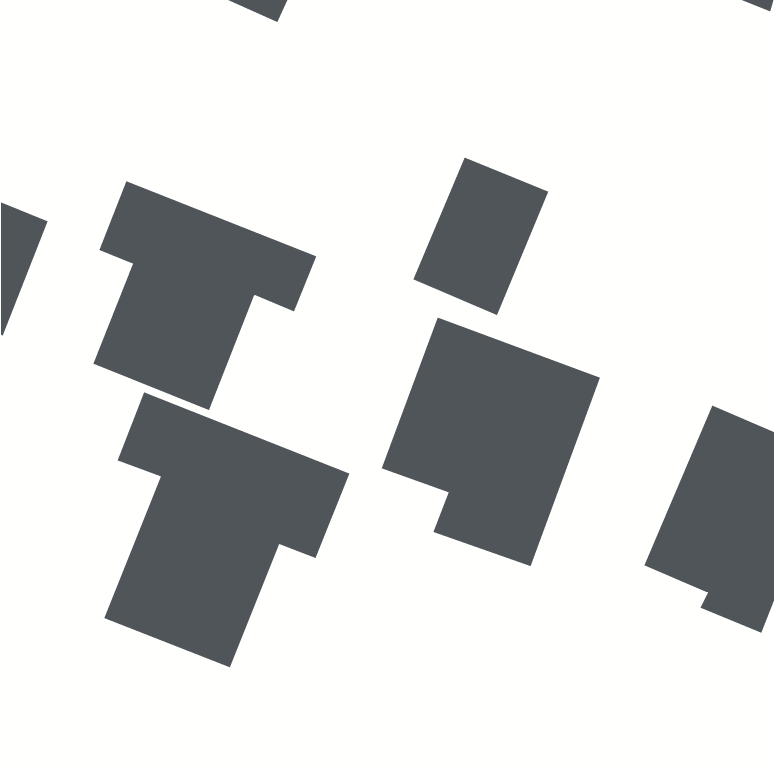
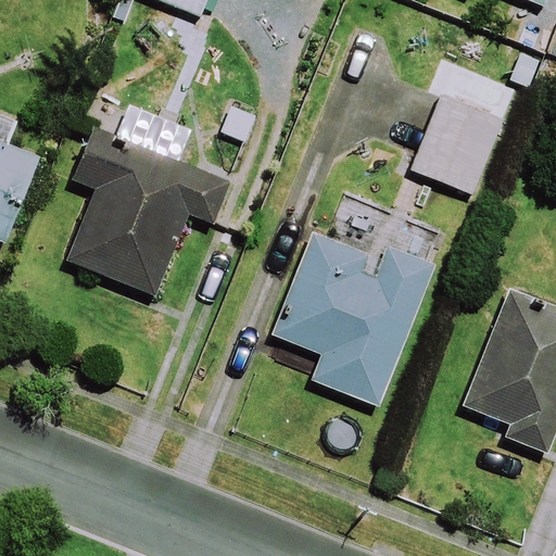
building: [412,157,549,316] -> [412,80,509,194]
building: [104,391,350,668] -> none

